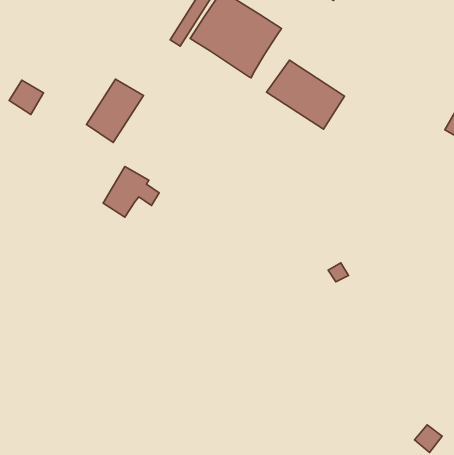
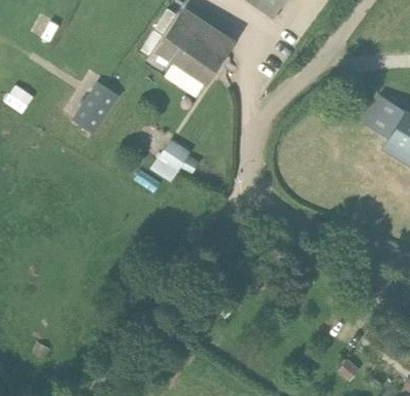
building: [267,60,344,129] -> none
building: [103,166,159,217] -> [152,141,198,182]

